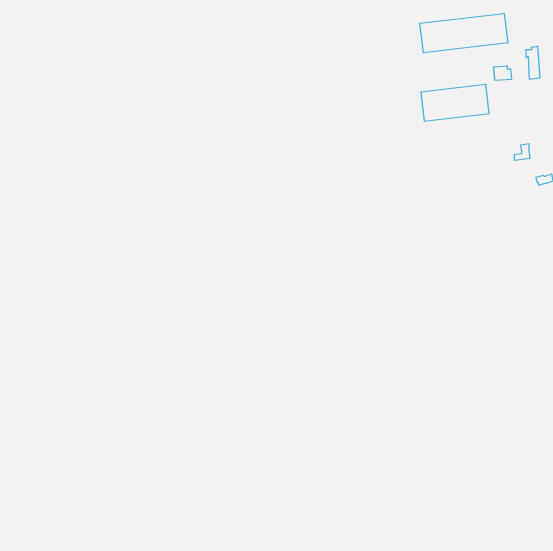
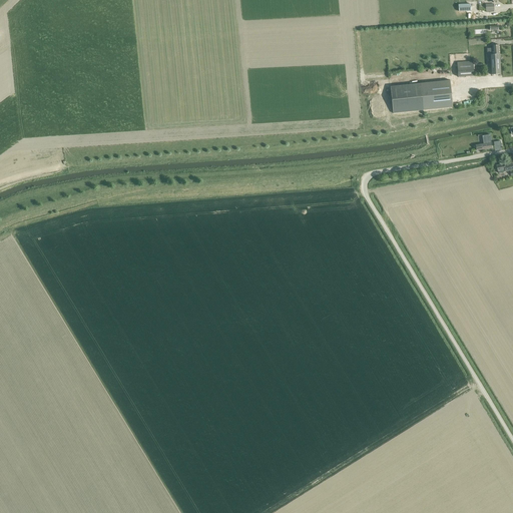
building: [420,13,508,53] -> none

